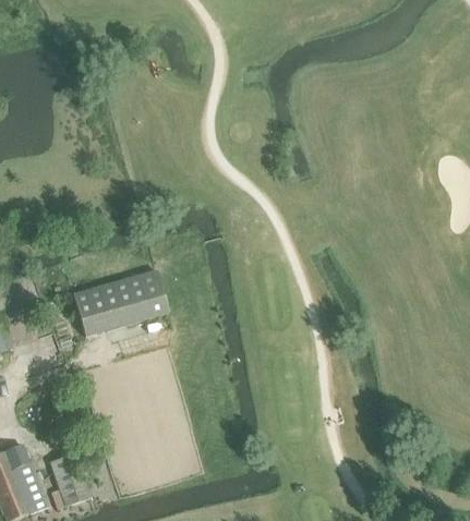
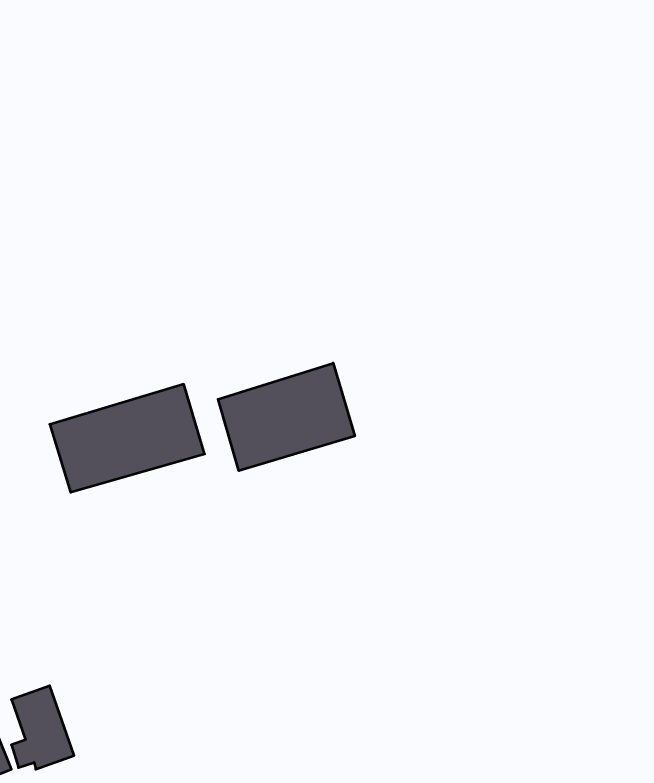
building: none -> [218,363,355,471]

